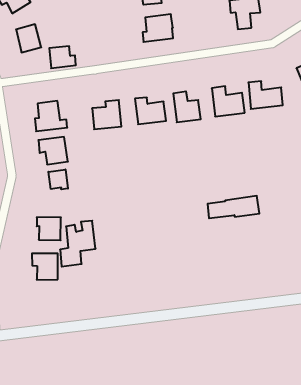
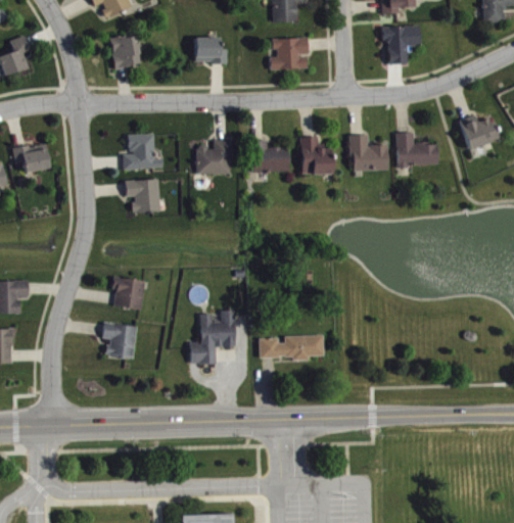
building: [49,46,76,68] -> [194,38,226,63]
building: [48,169,68,189] -> none
building: [208,196,259,218] -> [259,335,323,359]
building: [60,221,96,267] -> [190,311,235,365]

